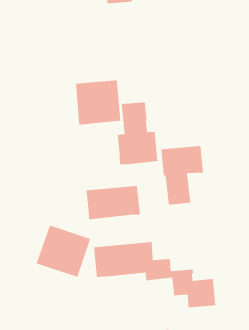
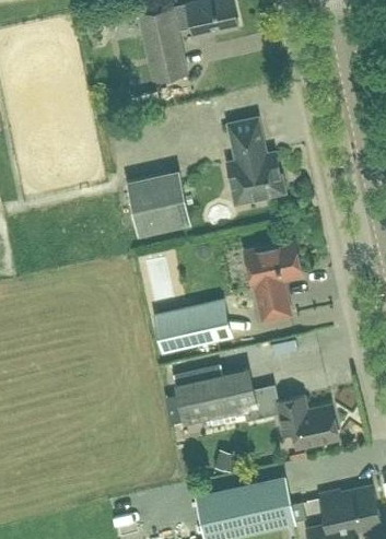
building: [117,101,158,165] -> [227,119,283,203]
building: [35,224,91,278] -> none

